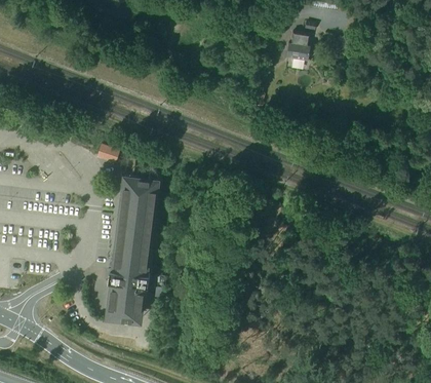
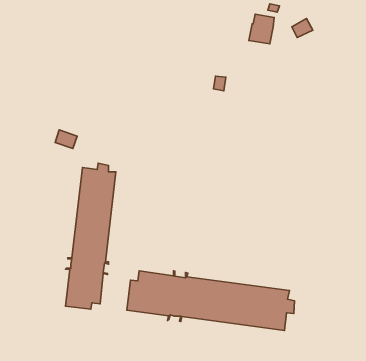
building: none -> [127,271,294,330]

